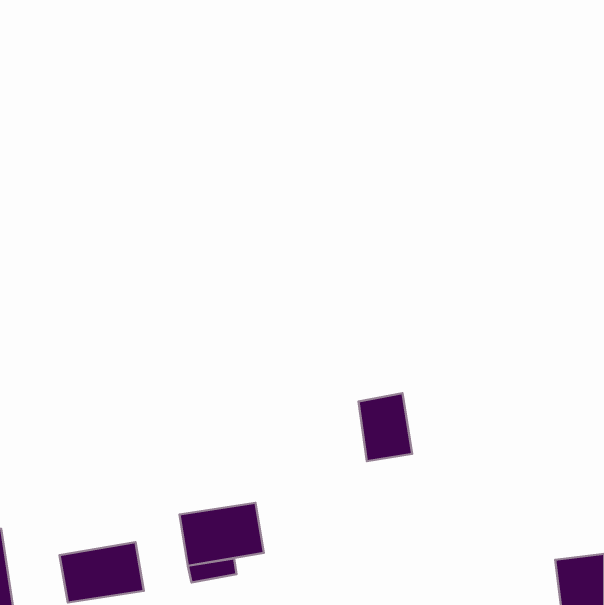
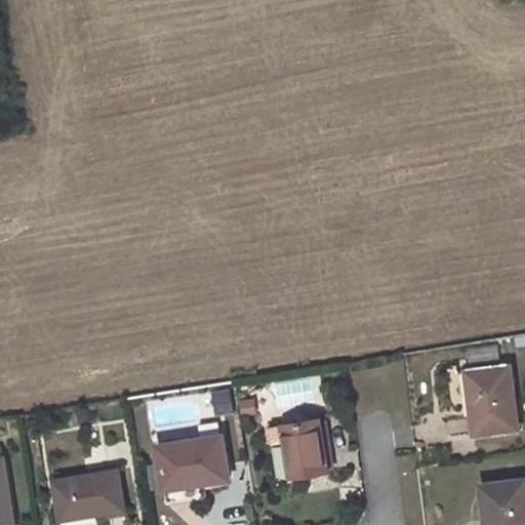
building: [359,393,412,461] -> [280,418,326,477]
building: none -> [466,366,516,433]

